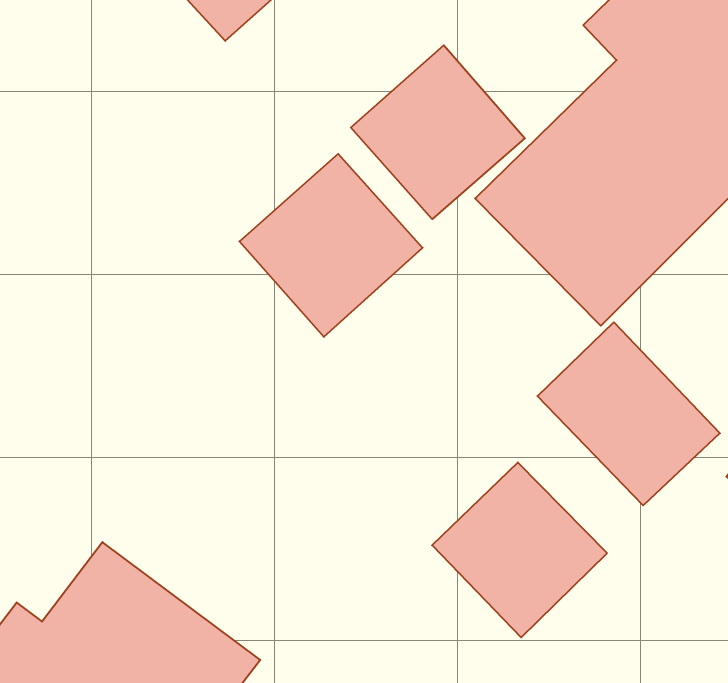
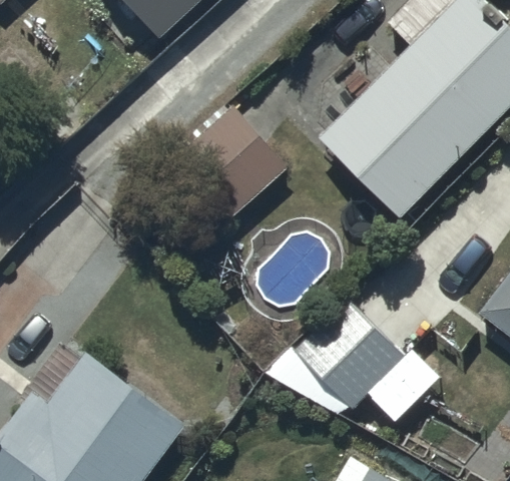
building: [351,45,525,219] -> none
building: [537,322,720,505] -> none

